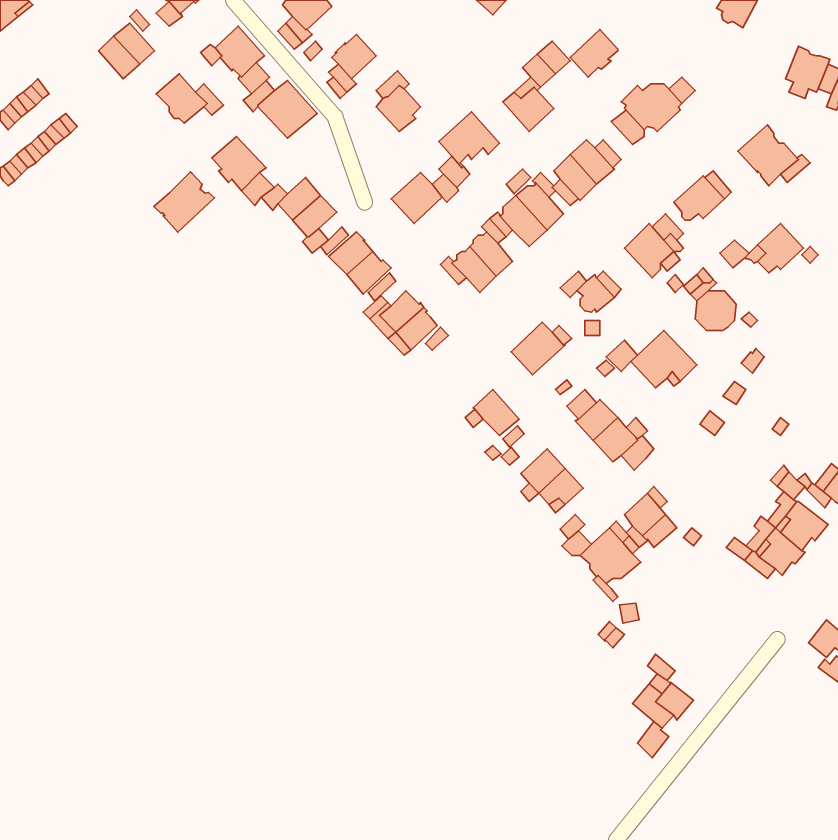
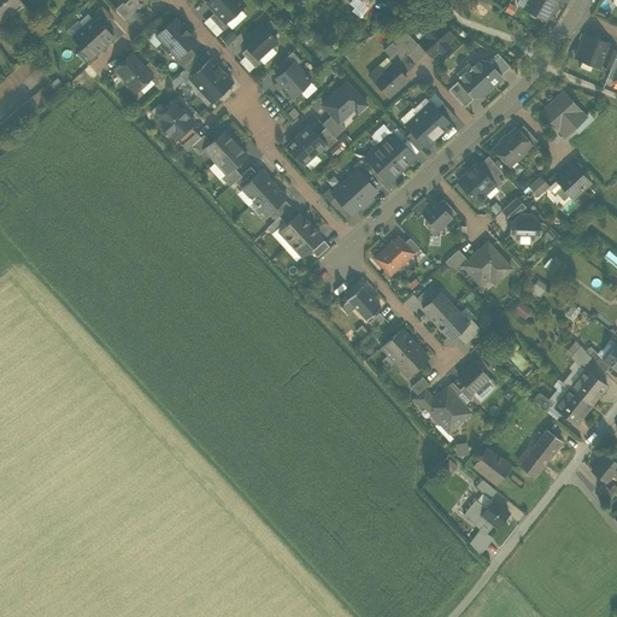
building: [154,172,215,232] -> none
building: none -> [517,427,564,478]
building: none -> [472,447,511,484]

